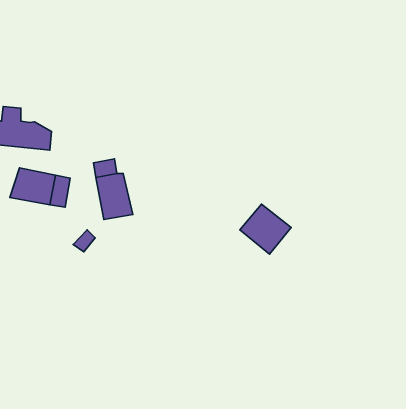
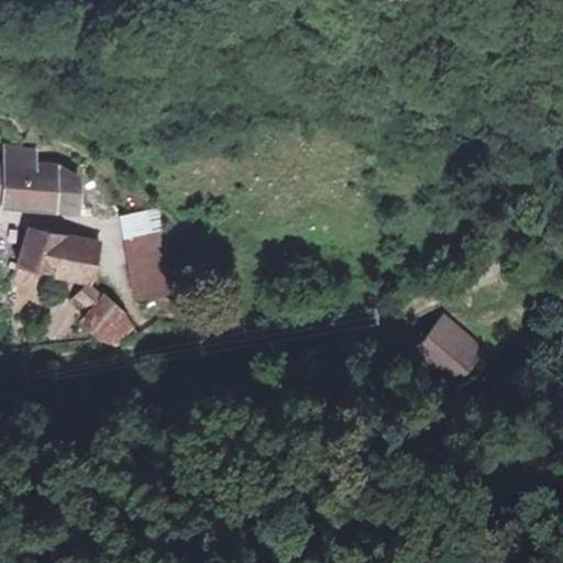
building: [240,204,291,254] -> [413,317,484,385]
building: none -> [77,283,121,333]

